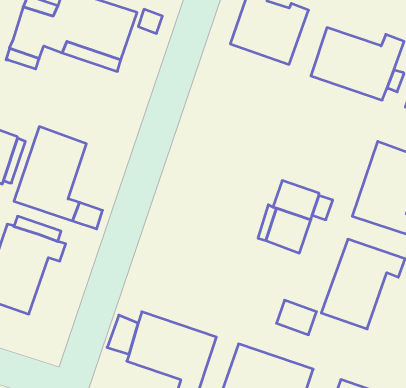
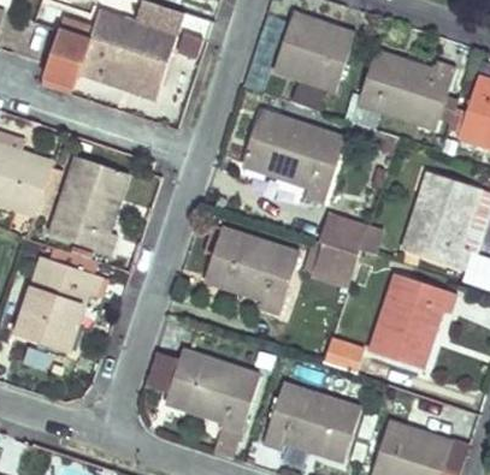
building: none -> [243,109,346,204]
building: none -> [206,226,300,314]

